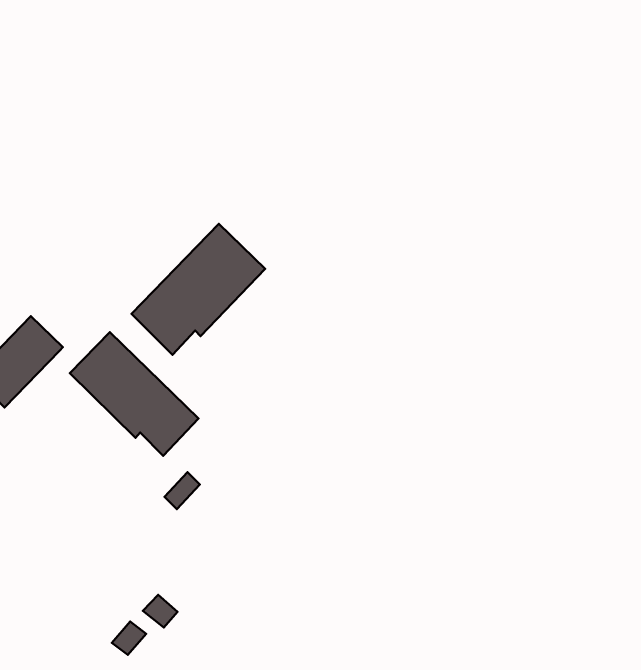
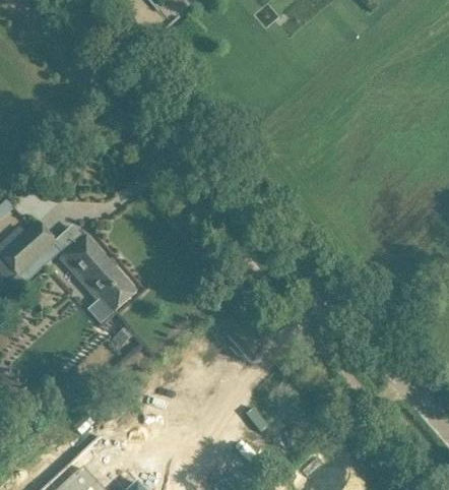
building: [131,224,265,355] -> none

